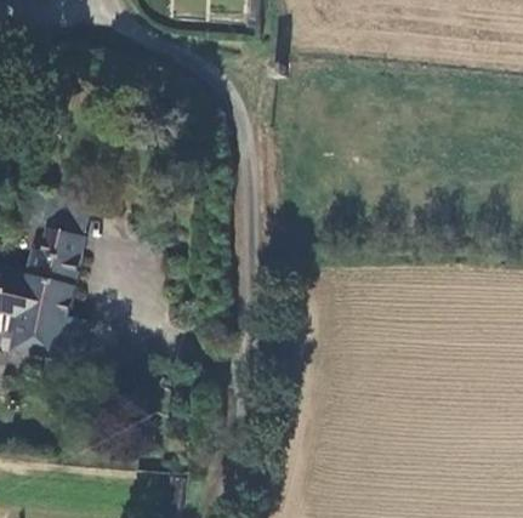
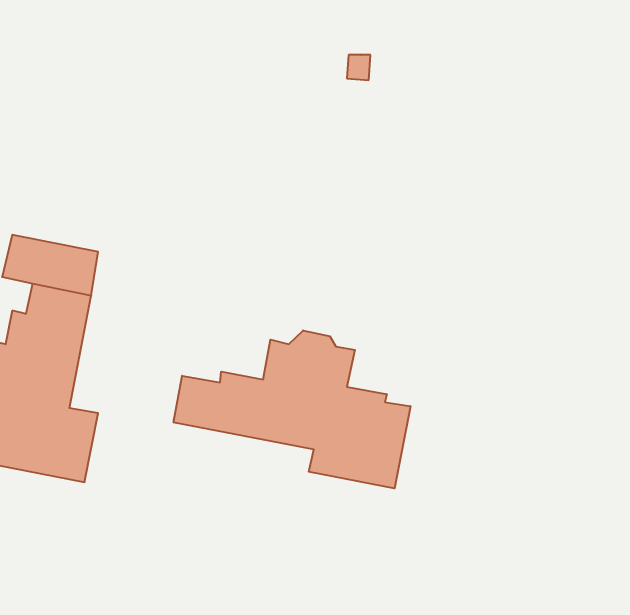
building: none -> [174,330,410,488]

